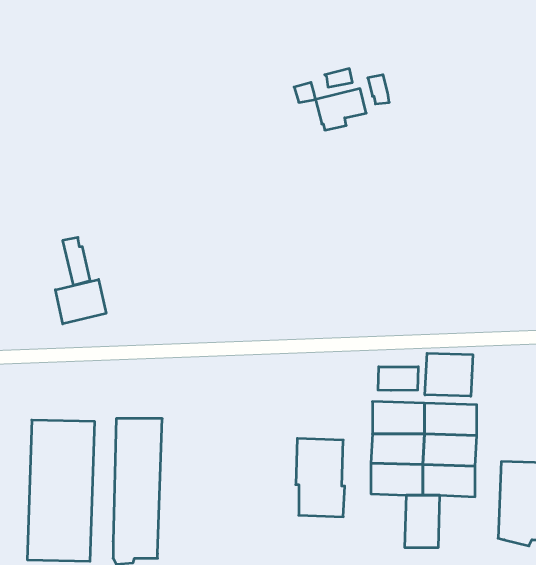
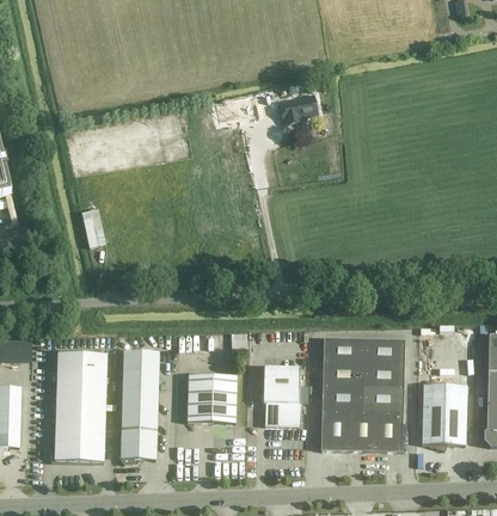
building: [55,279,106,324] -> none
building: [425,353,473,396] -> none
building: [378,367,418,390] -> none
building: none -> [186,374,237,423]
building: none -> [320,408,349,450]
building: none -> [374,410,403,452]

